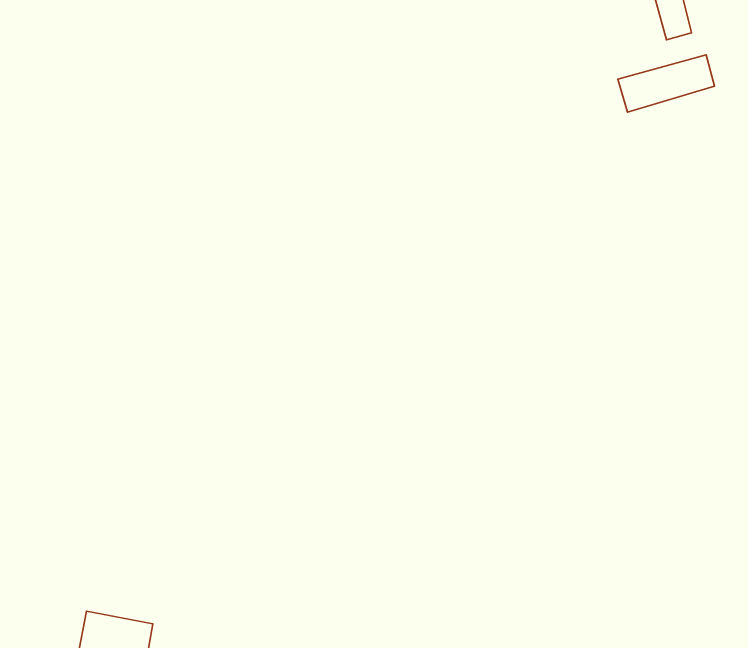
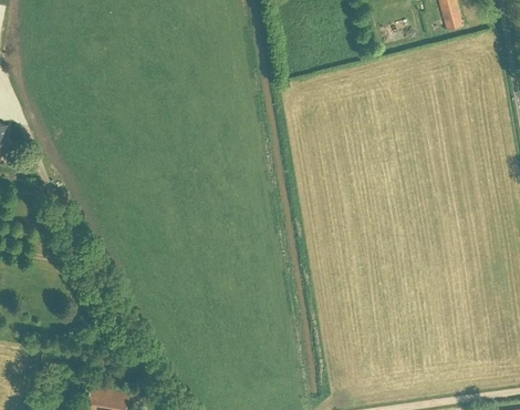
building: [618,55,715,112] -> none

